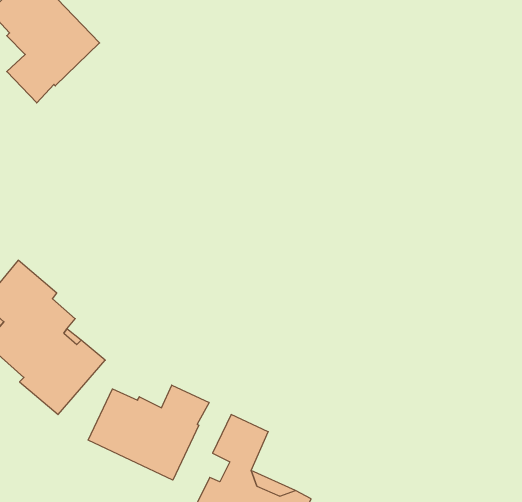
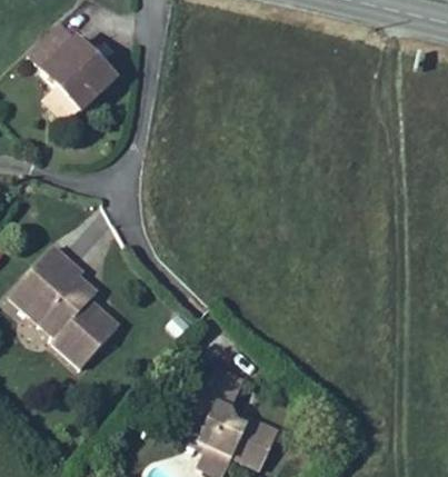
building: [88,385,209,480] -> none

